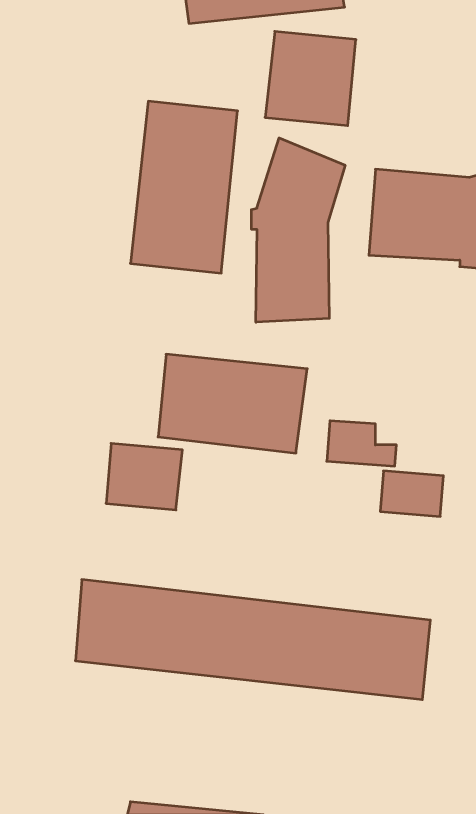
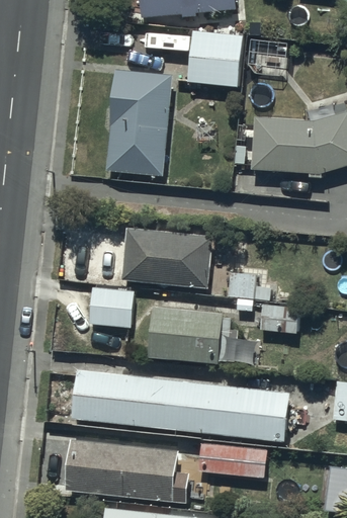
building: [251,138,345,322] -> none
building: none -> [148,307,223,367]
building: none -> [63,438,177,503]
building: none -> [197,441,268,476]

